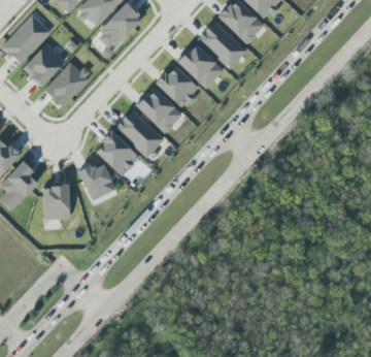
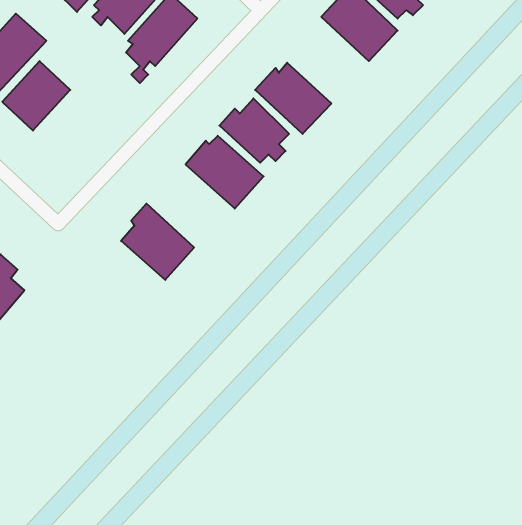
building: [197,22,247,69] -> none
building: [44,62,90,106] -> none
building: [115,110,164,156] -> none
building: [77,164,115,200] -> none
building: [43,184,69,219] -> none

